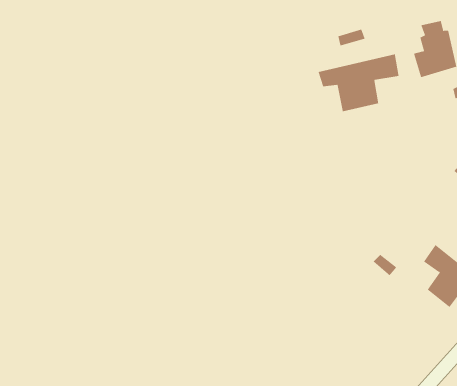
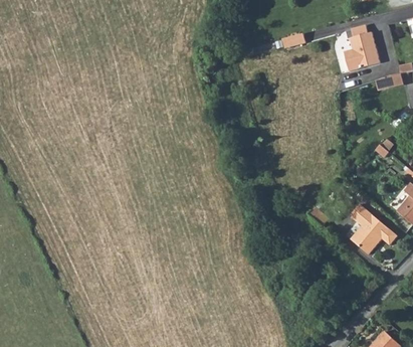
building: [318,53,399,112] -> none

